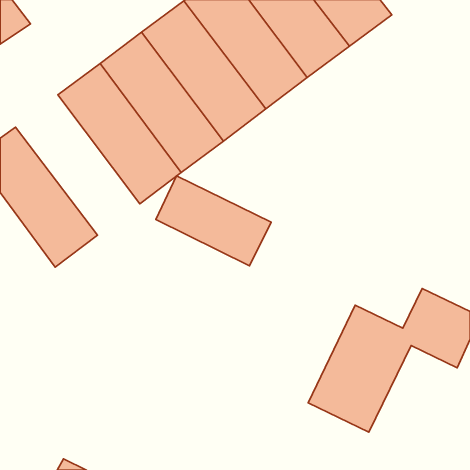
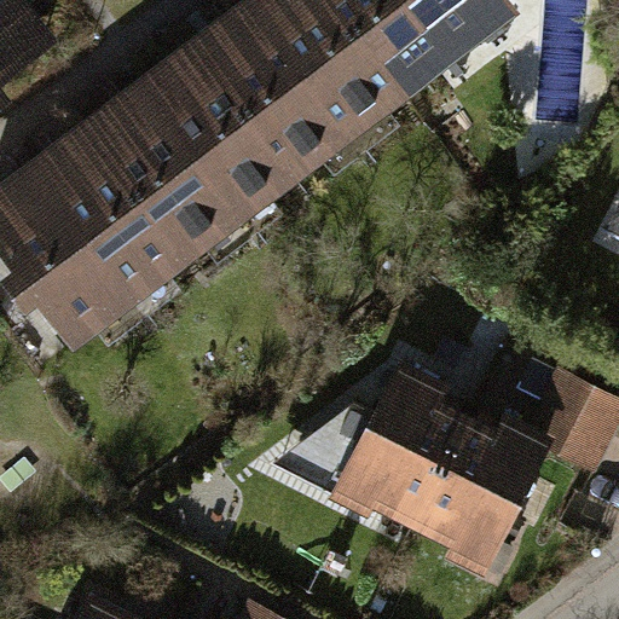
building: none -> [21,125,184,308]
building: [156,176,271,266] -> none
building: none -> [330,364,467,528]

